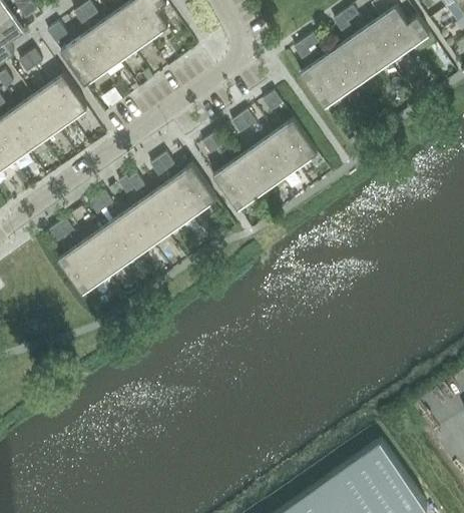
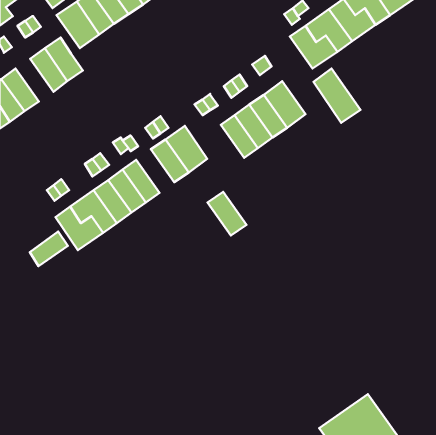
building: [17,97,56,141] -> none
building: none -> [313,69,360,123]
building: [212,165,253,210] -> [208,192,246,235]
building: [141,190,180,235] -> none
building: none -> [30,231,68,266]

